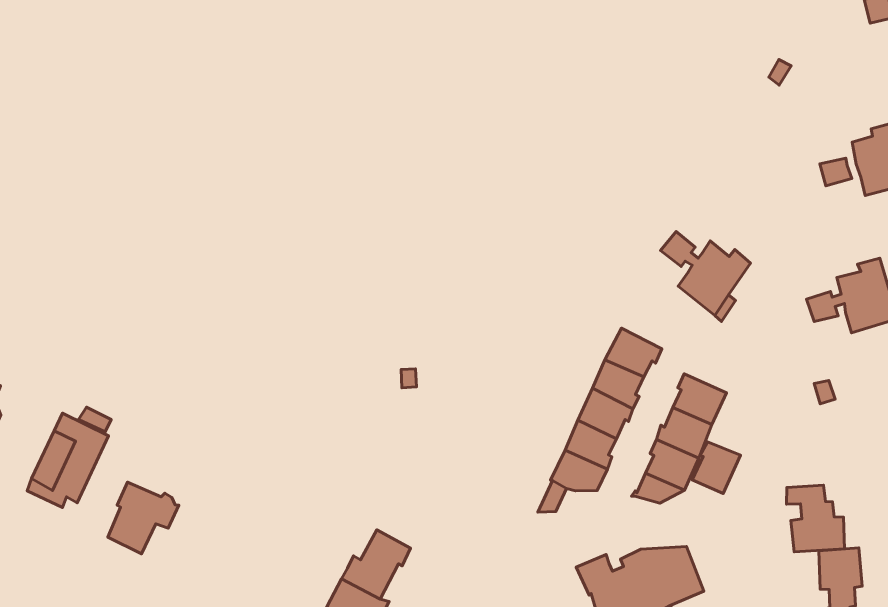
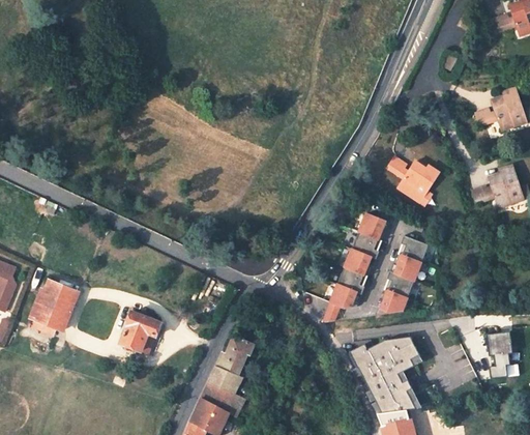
building: [692,442,741,494] -> none
building: [108,482,179,554] -> [121,311,160,351]
building: [787,485,845,552] -> none

